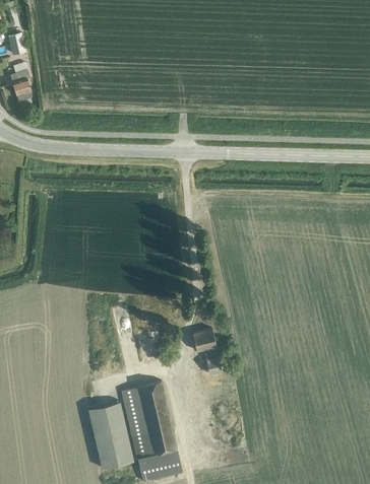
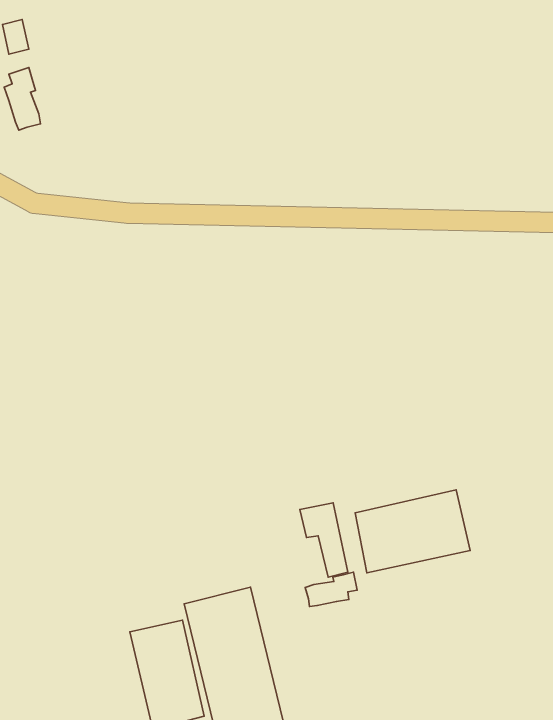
building: none -> [355,490,470,573]
building: none -> [305,572,357,607]

